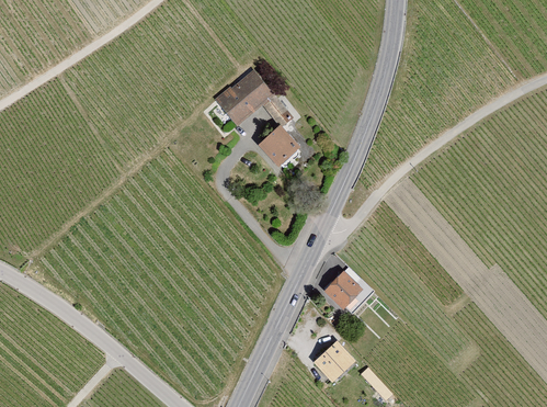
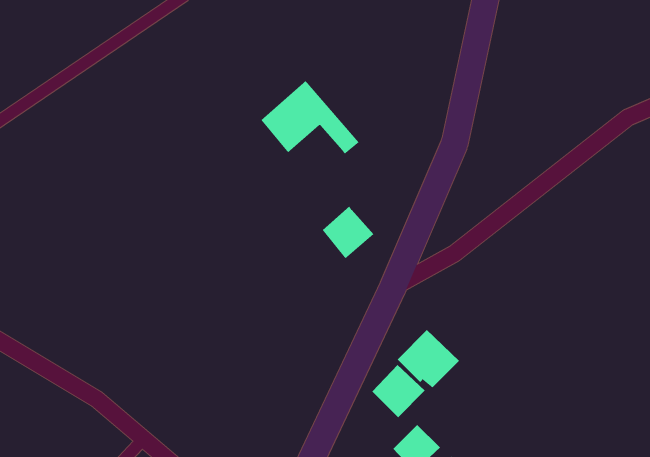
building: [255,124,297,167] -> [322,205,374,259]
building: none -> [372,364,426,418]

